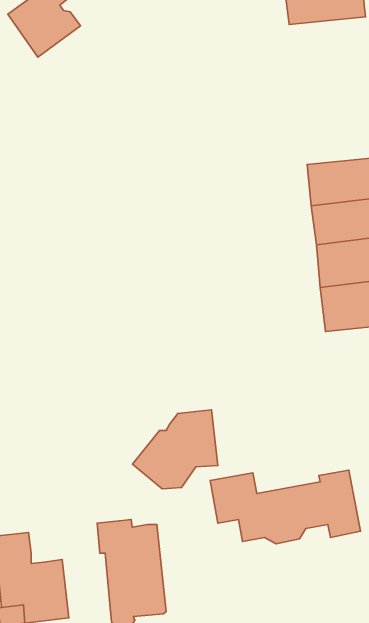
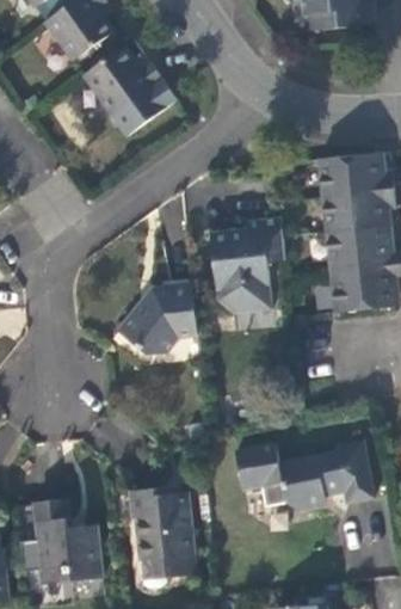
building: none -> [84,45,177,135]
building: none -> [210,216,285,313]
building: [132,410,218,489] -> [118,282,197,355]

